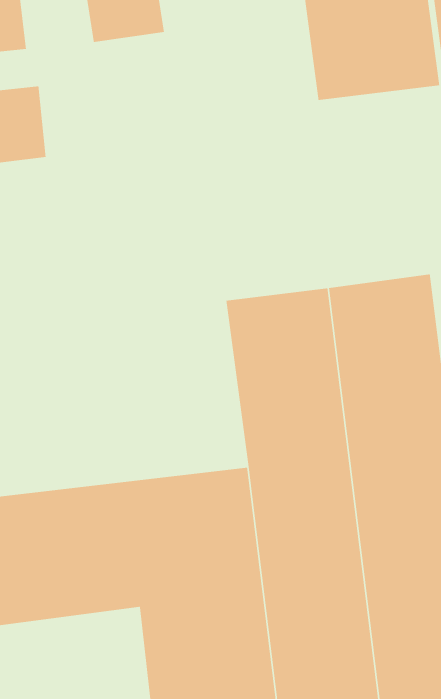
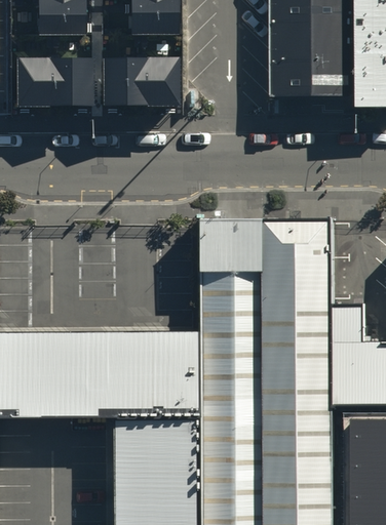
building: none -> [102,60,179,109]

